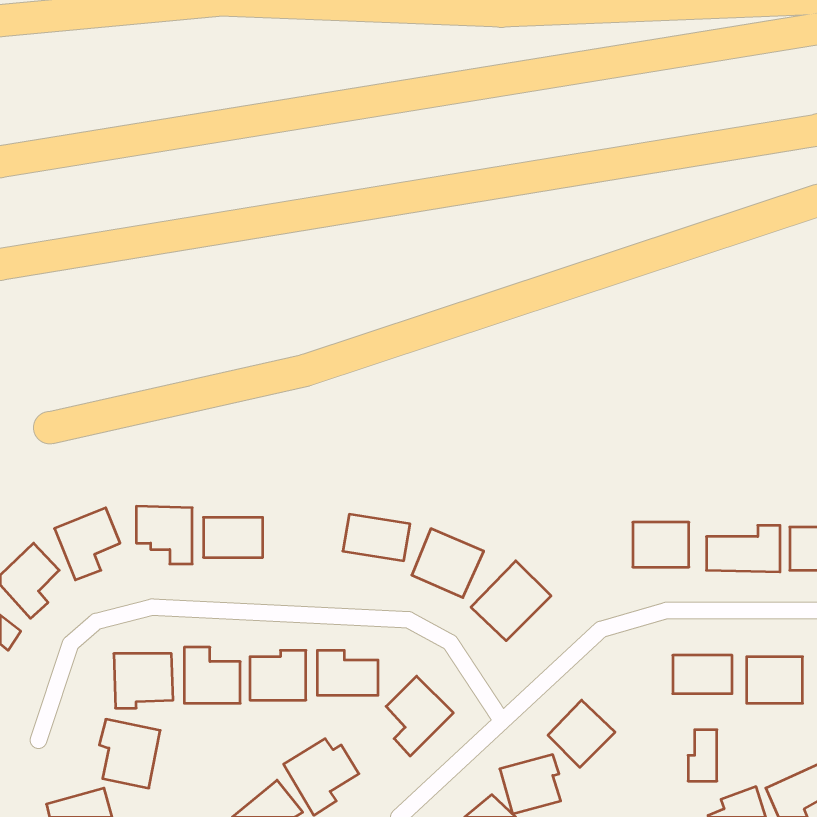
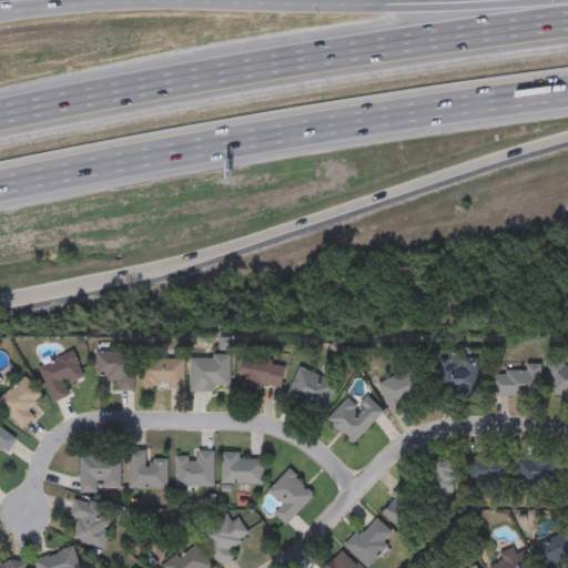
building: none -> [190,356,230,392]
building: none -> [388,368,423,413]
building: [688,730,717,781] -> [433,459,453,495]

